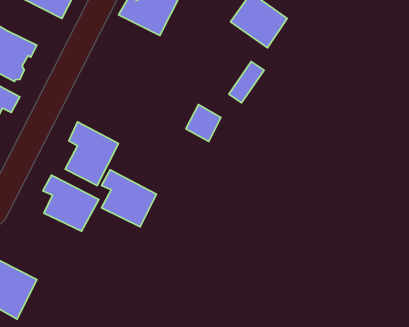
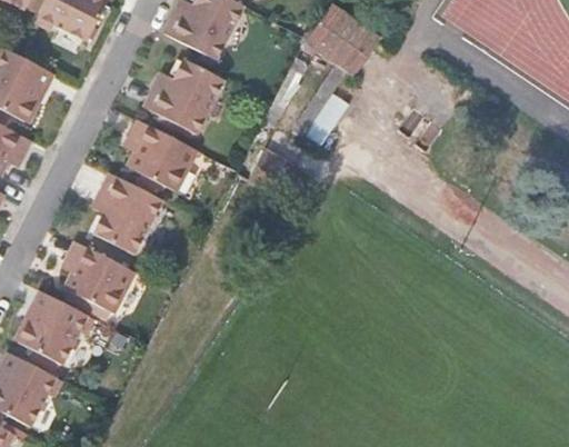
building: none -> [143,58,224,136]
building: [102,170,157,227] -> [126,119,197,192]
building: none -> [16,289,87,364]

